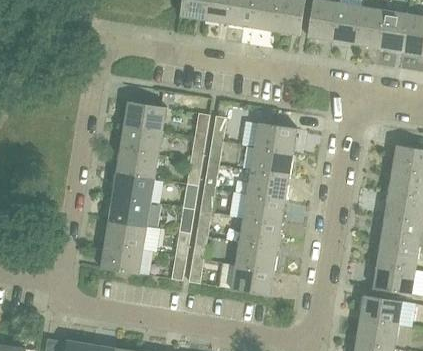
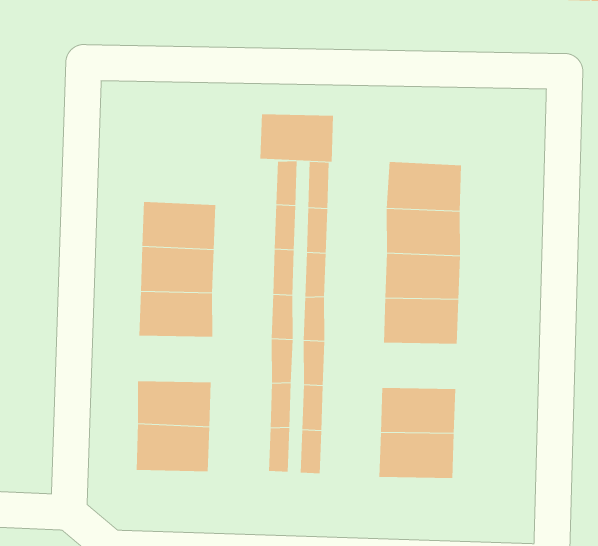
building: [123,101,166,132] -> [260,114,334,162]
building: [107,197,151,227] -> none
building: [238,218,282,248] -> none

